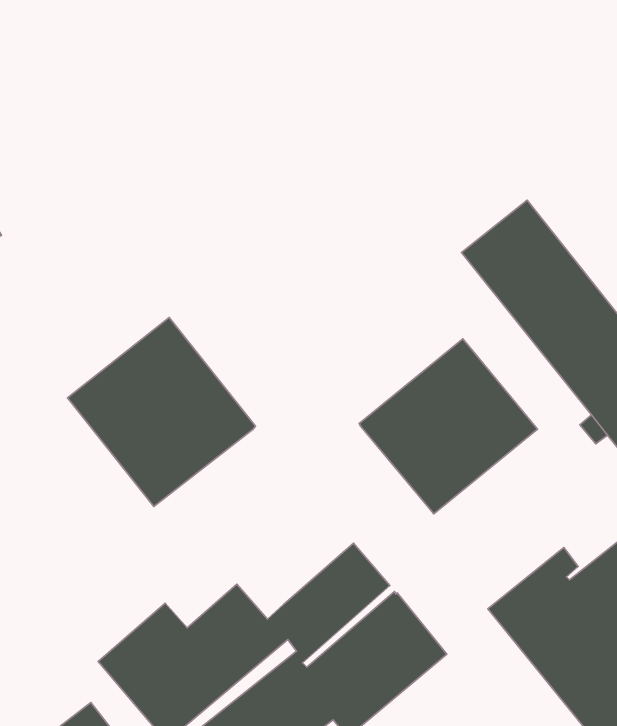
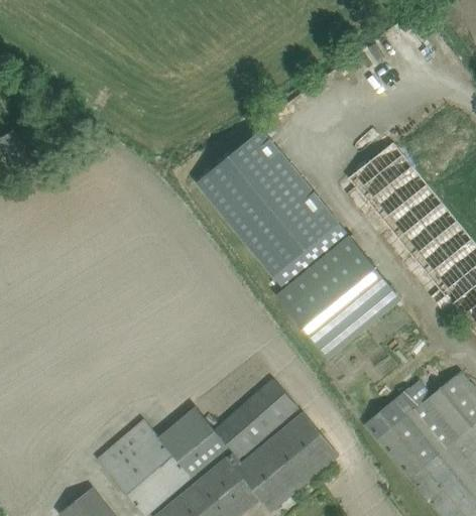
building: none -> [197,129,349,290]
building: [68,318,256,507] -> none

